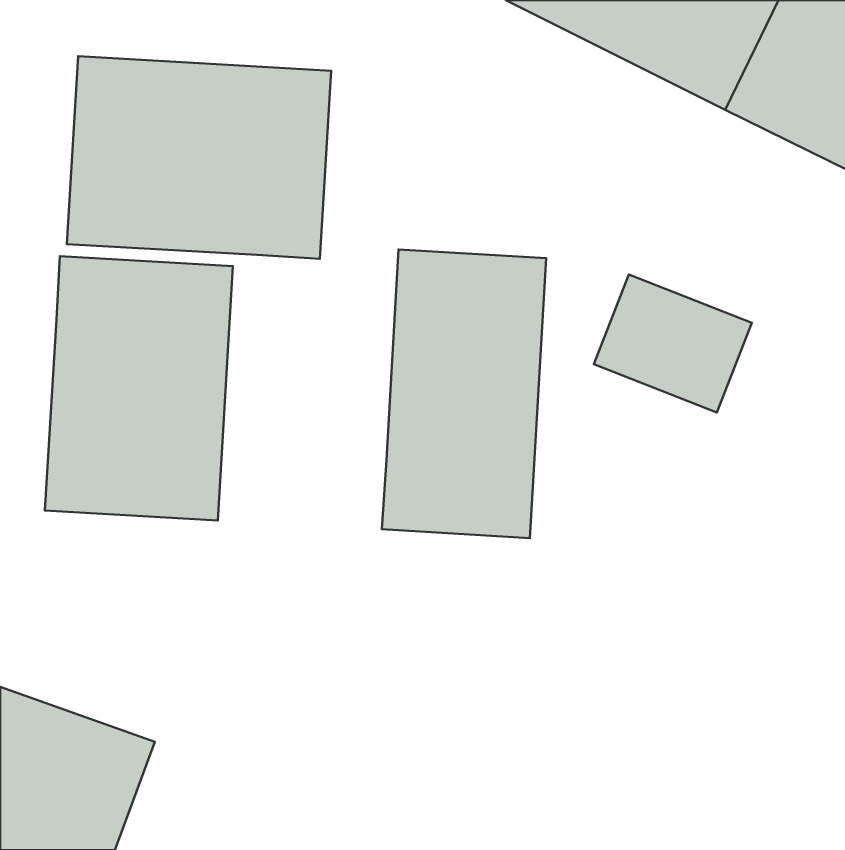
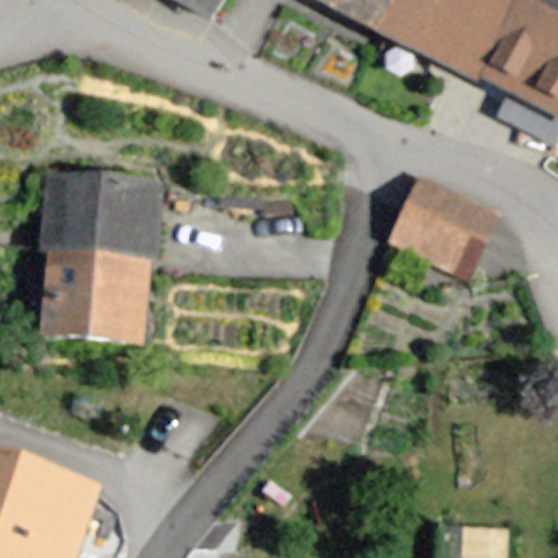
building: [67,56,331,259] -> none
building: [382,249,546,538] -> none

